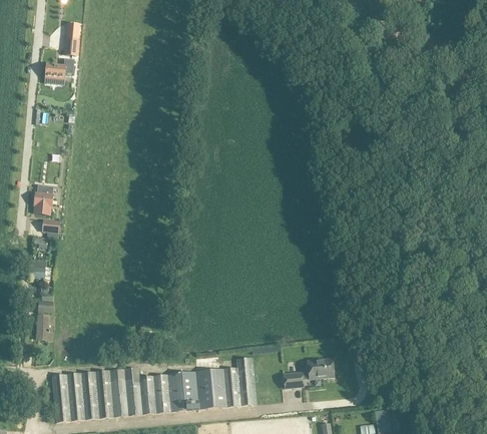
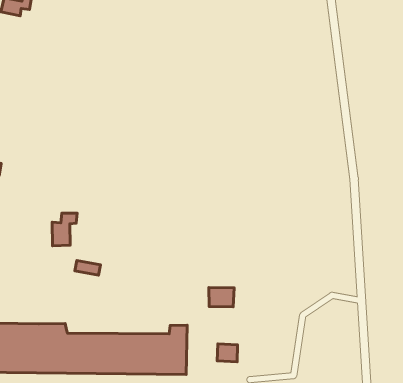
building: none -> [52,213,77,246]
building: [308,358,333,378] -> [209,288,234,307]

